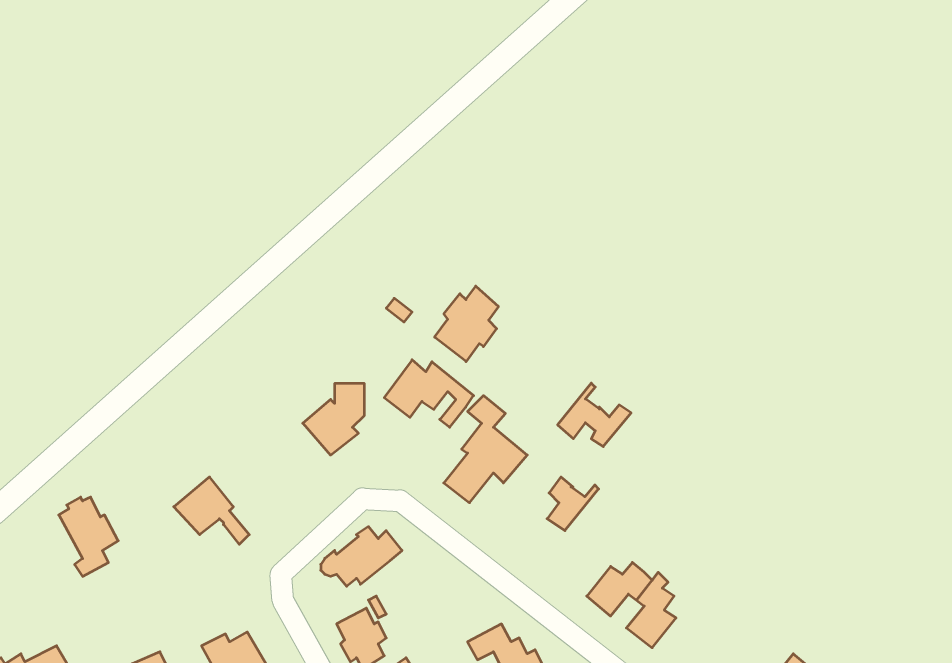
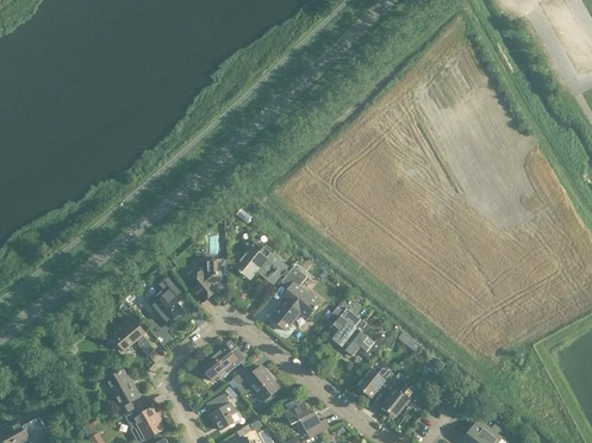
building: [435,286,498,362] -> none
building: [558,383,631,447] -> [342,322,386,360]
building: none -> [150,273,183,326]
building: [59,497,118,576] -> [102,369,138,417]
building: none -> [231,367,276,400]

